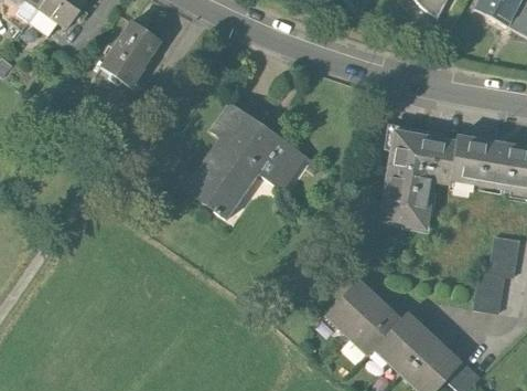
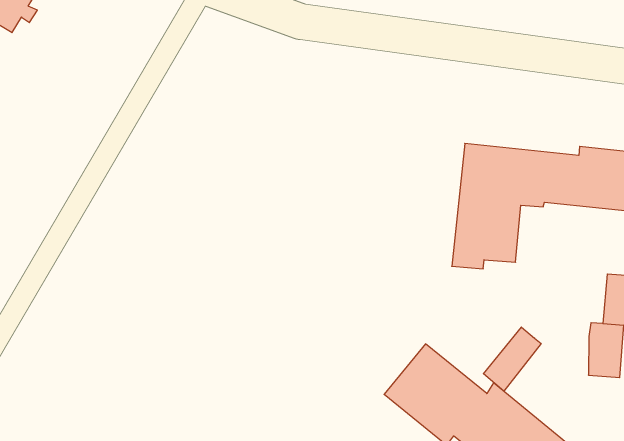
building: [101,21,160,86] -> none
building: [181,103,302,211] -> none
building: none -> [483,327,541,391]

